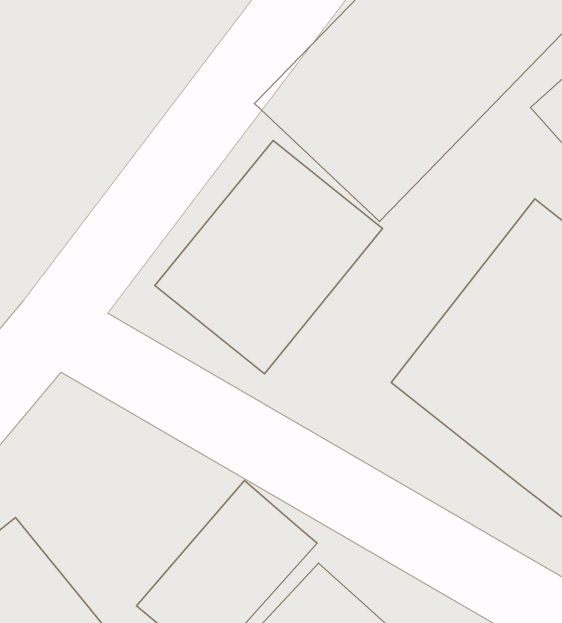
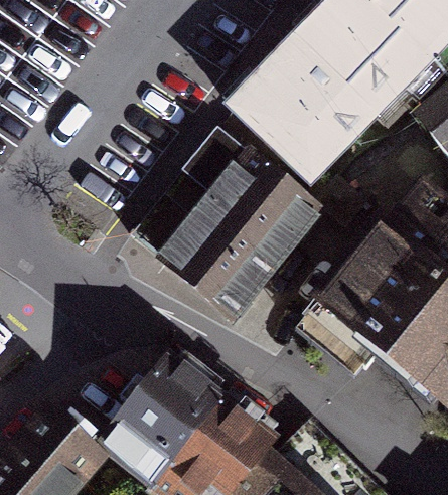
building: none -> [78,328,210,466]

